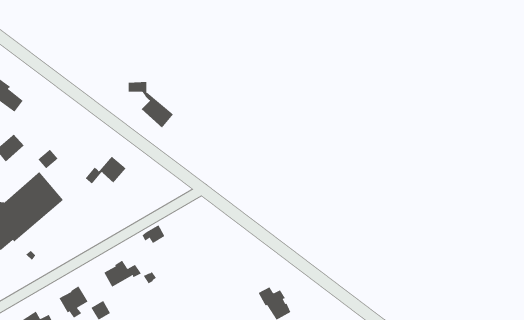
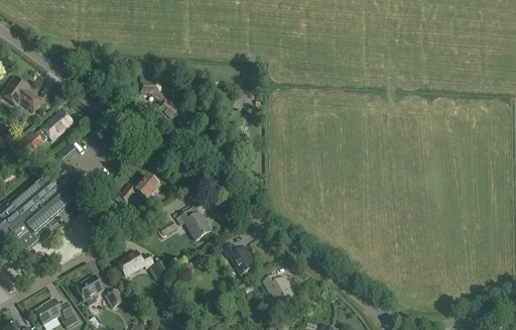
building: none -> [41,109,72,139]
building: [85,156,126,185] -> [120,174,159,201]
building: none -> [175,210,210,238]
building: none -> [223,242,255,274]

